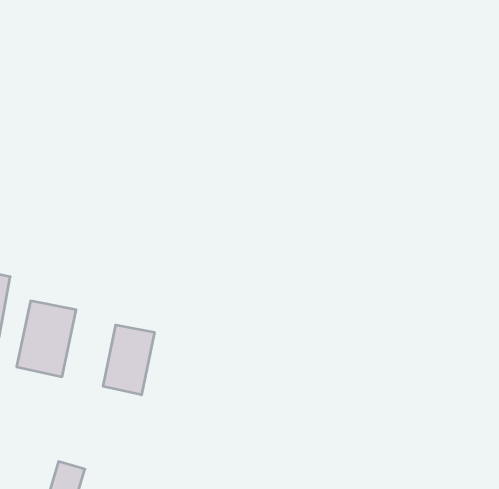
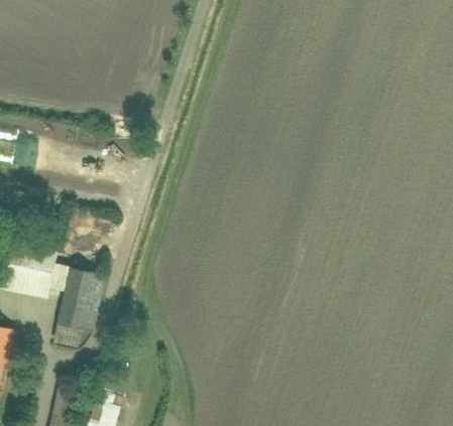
building: [103,325,154,395] -> none

